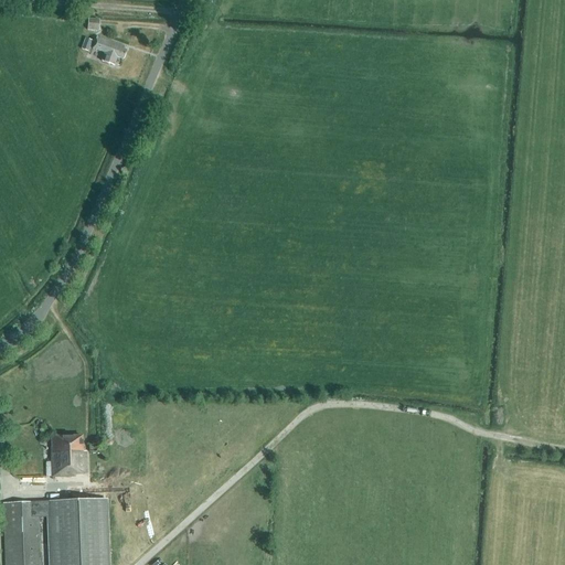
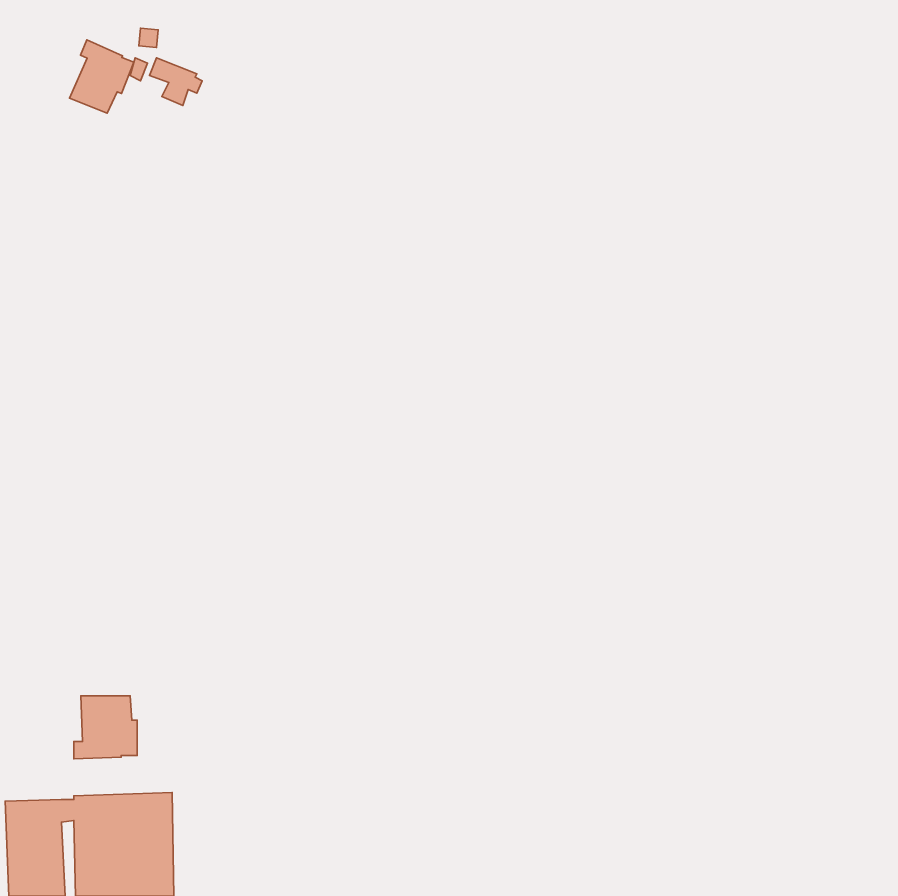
building: none -> [70,40,134,113]

